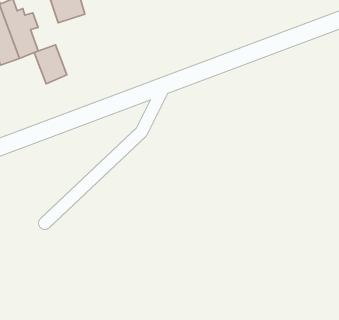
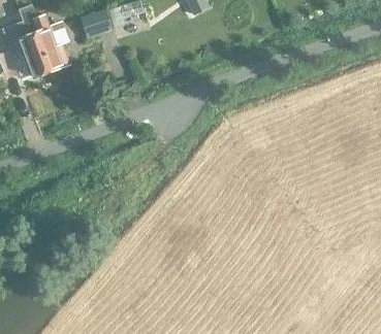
building: [34,45,67,84] -> none

